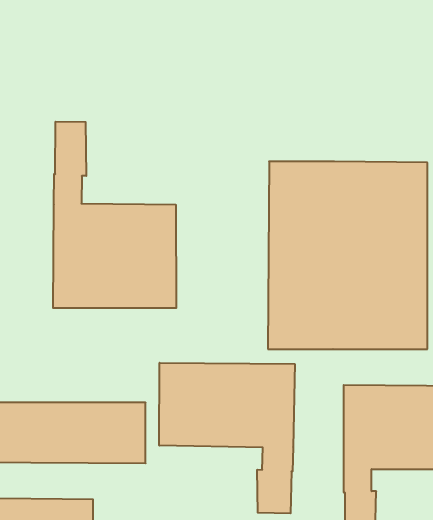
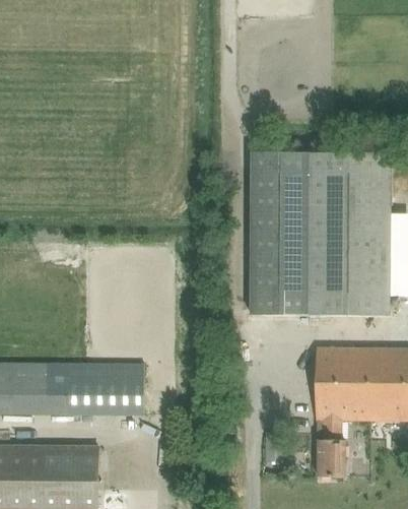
building: [53,122,176,308] -> none
building: [159,363,295,513] -> none

